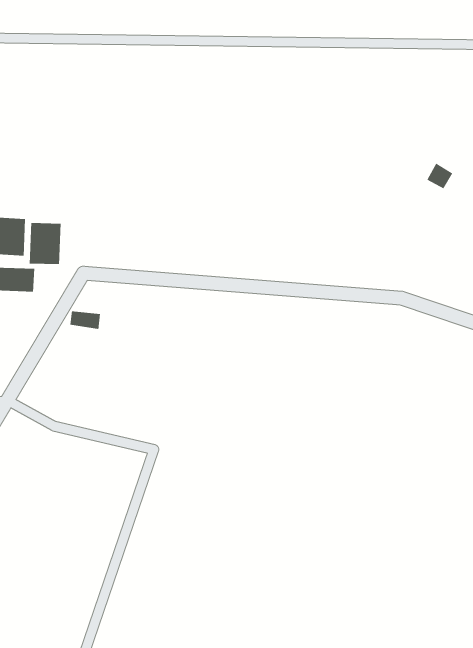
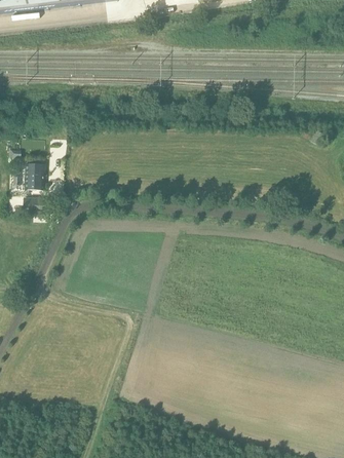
building: [29,222,61,265] -> none

